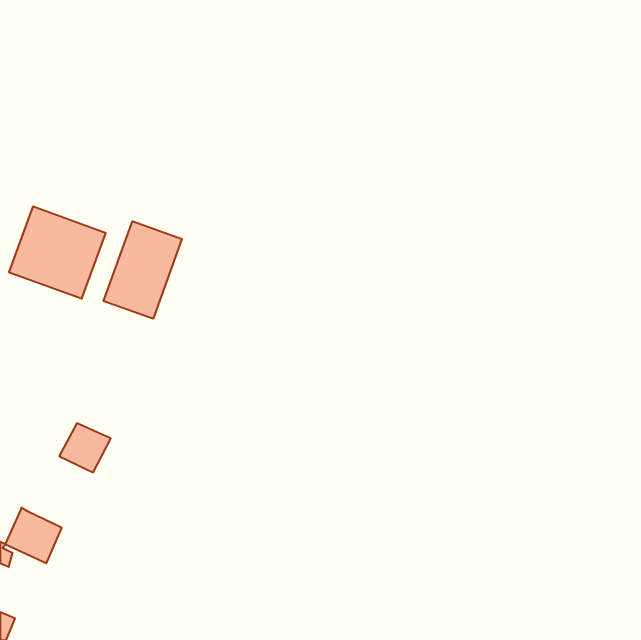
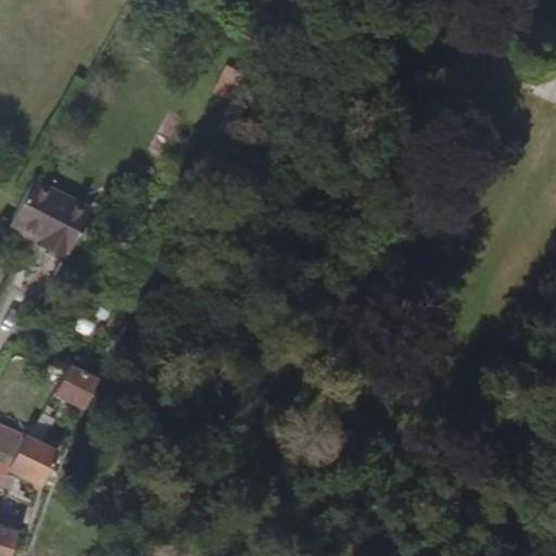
building: [103,221,182,319] -> none

